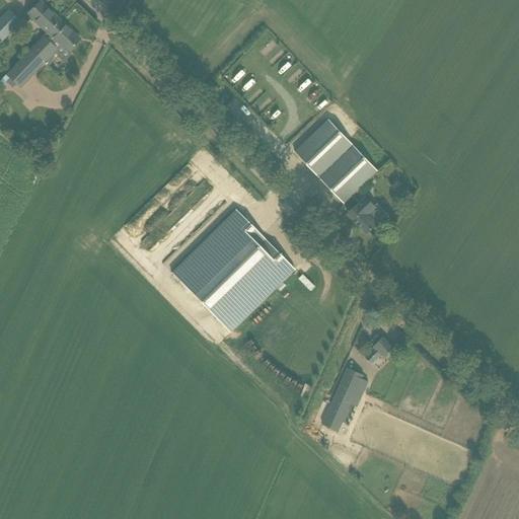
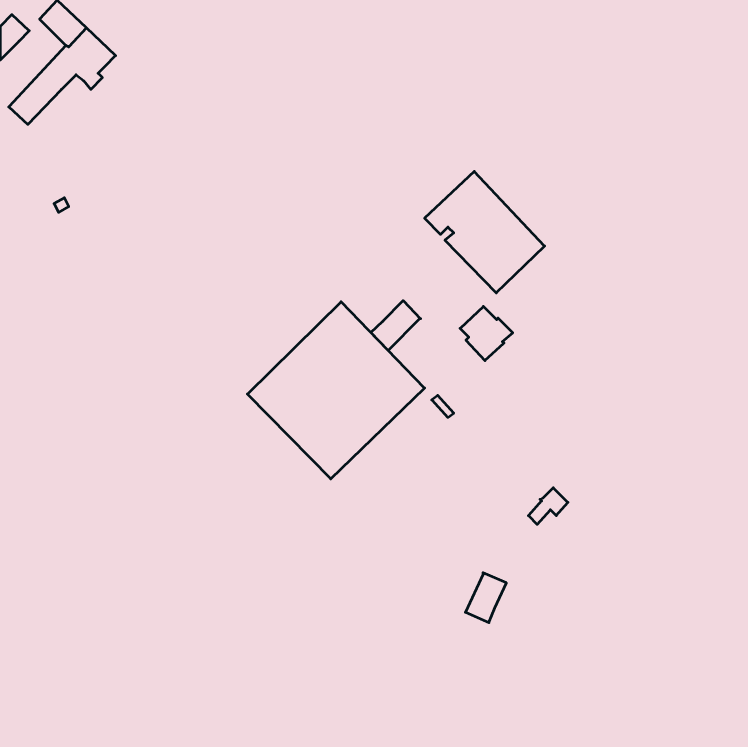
building: [350,196,386,233] -> [460,306,513,361]
building: none -> [371,301,421,350]
building: [335,367,368,406] -> none

